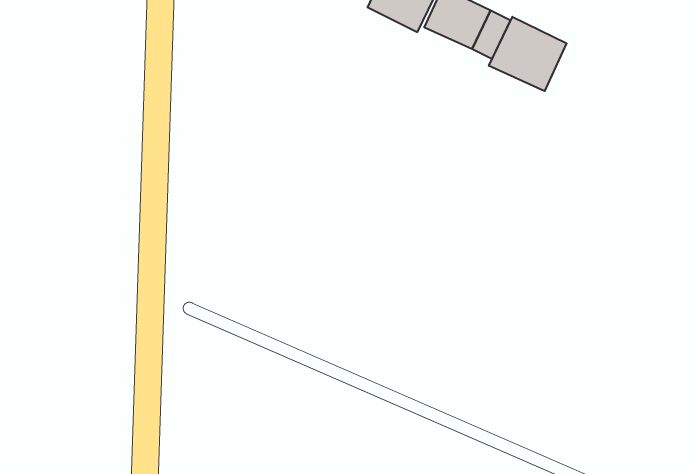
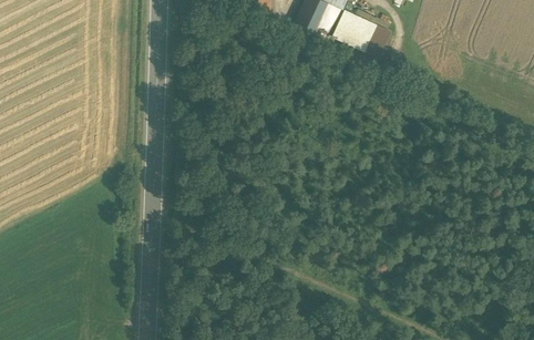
building: [489,17,567,91] -> none

